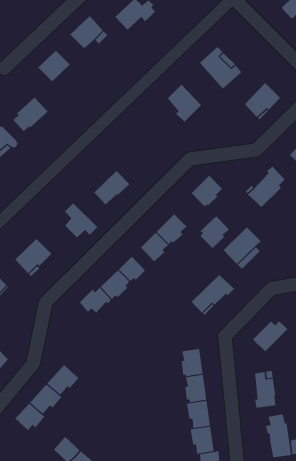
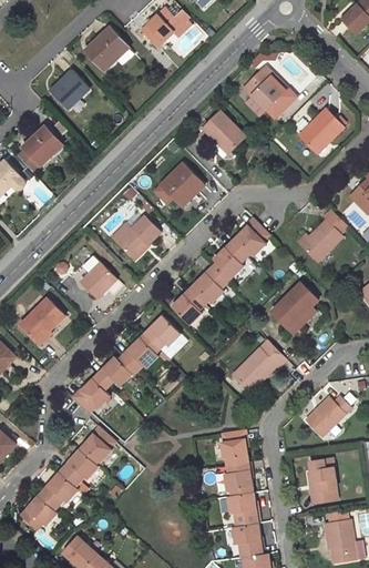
building: none -> [161,162,203,205]
building: [200,216,230,249] -> [213,242,249,282]
building: none -> [74,374,110,412]
building: none -> [80,427,115,463]

